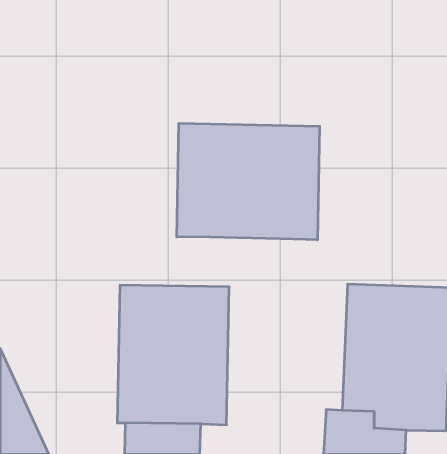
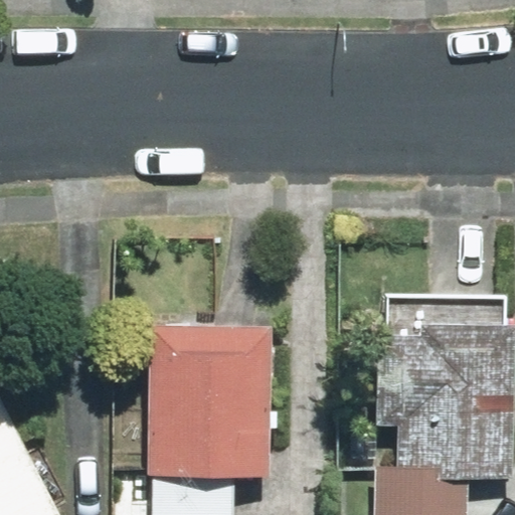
building: [177,123,320,240] -> none

